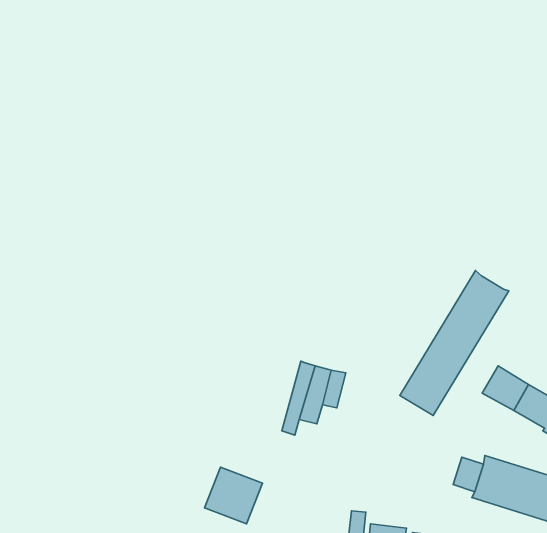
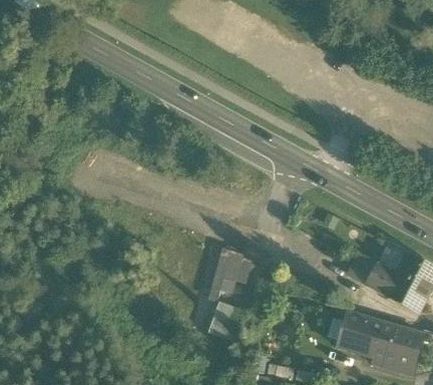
building: [400,271,509,416] -> none
building: [205,467,263,524] -> [208,303,249,342]

